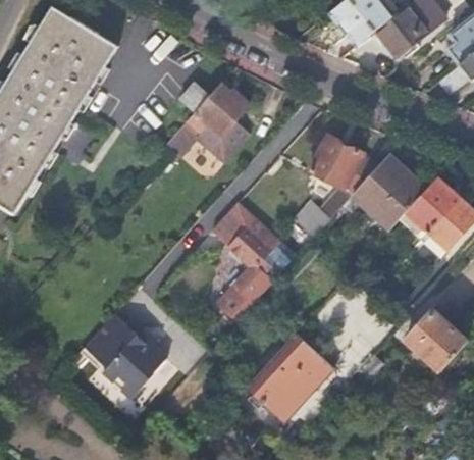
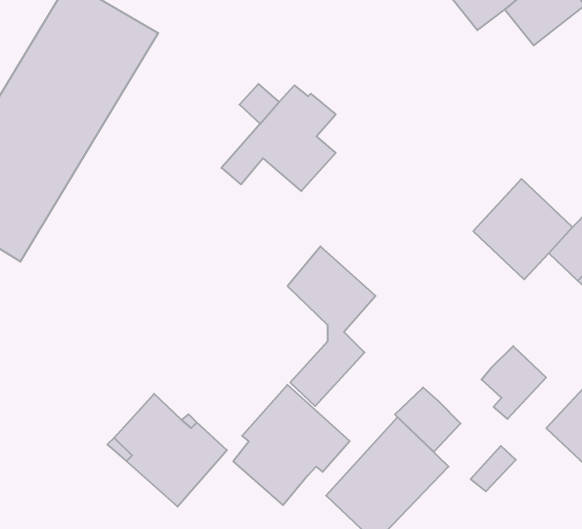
building: [293,136,363,234] -> none
building: none -> [481,346,546,419]
building: none -> [233,385,350,505]
building: none -> [395,387,461,452]

